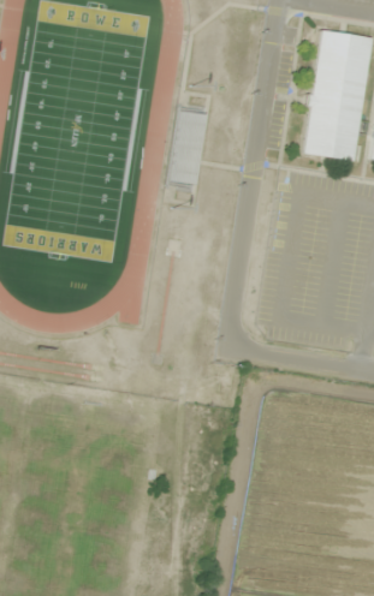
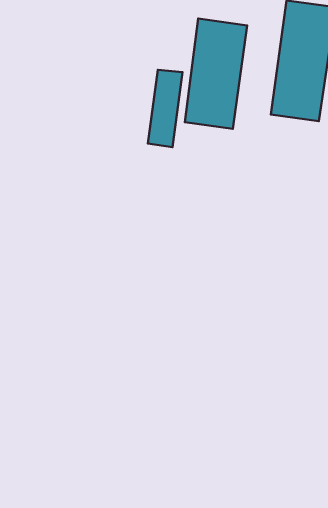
building: none -> [185,19,247,129]

